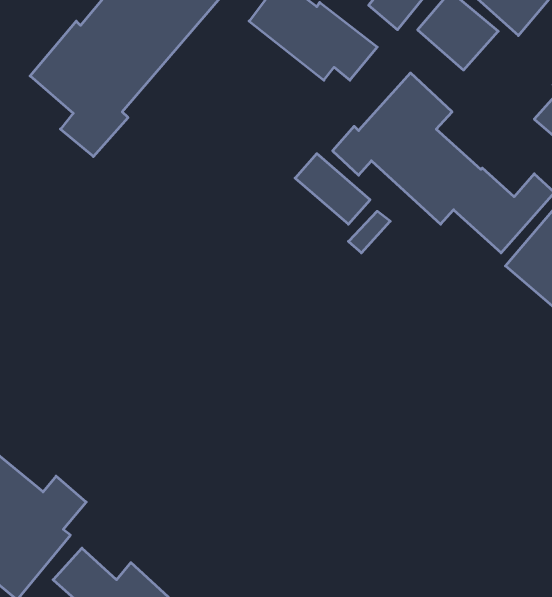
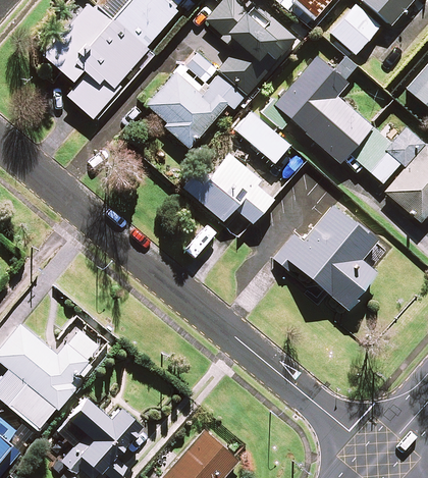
building: none -> [148,49,265,148]
building: none -> [182,155,272,223]
building: none -> [284,206,376,309]

